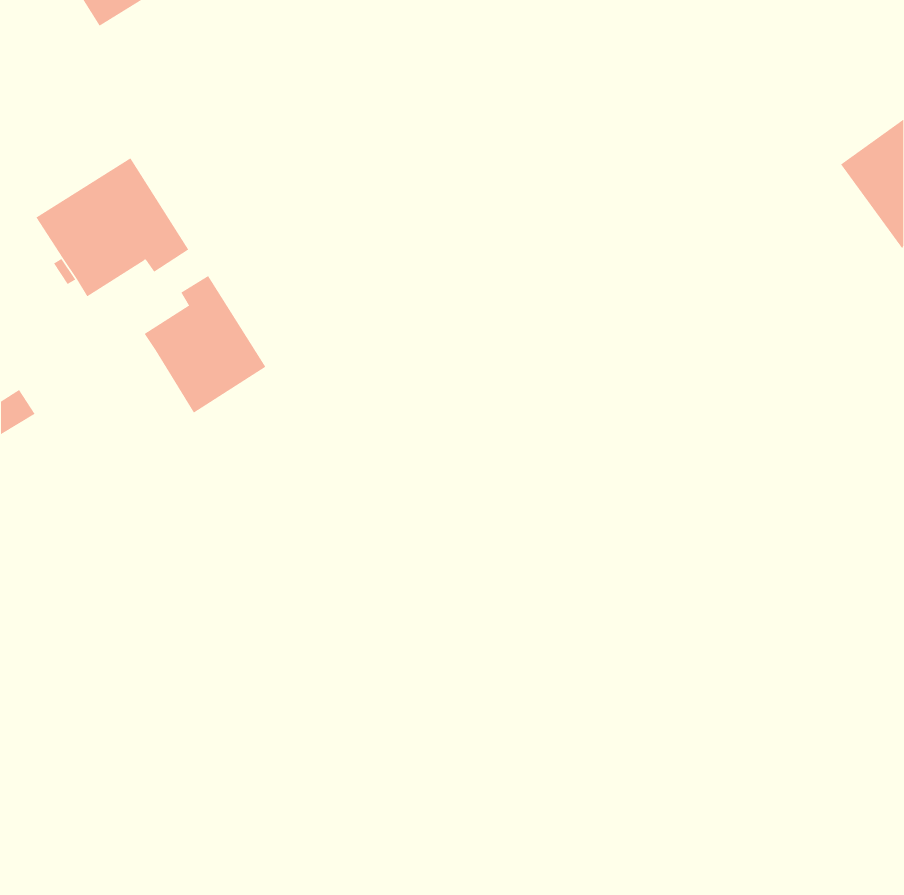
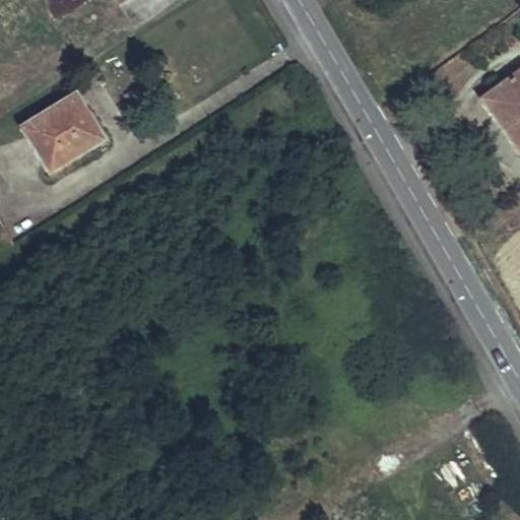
building: [144,275,266,413] -> none

